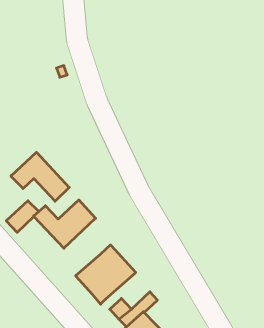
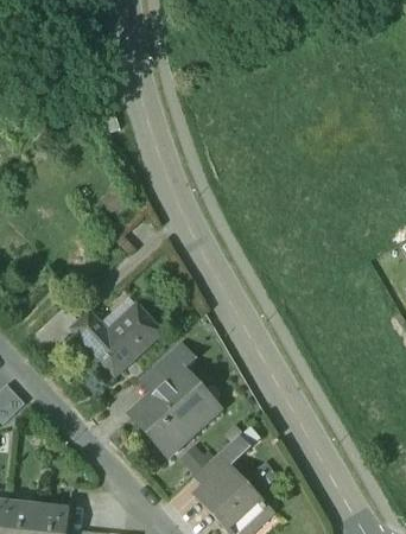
building: [11,152,69,201] -> none
building: none -> [154,343,195,381]

